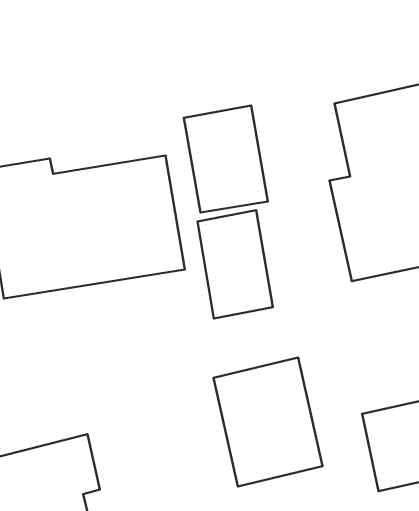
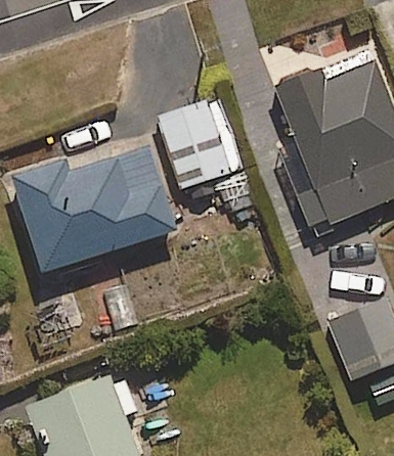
building: [197,210,273,318] -> none
building: [214,358,322,486] -> none

